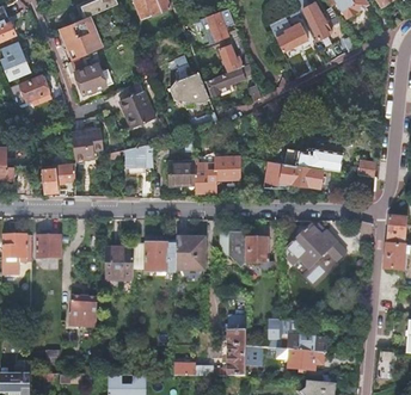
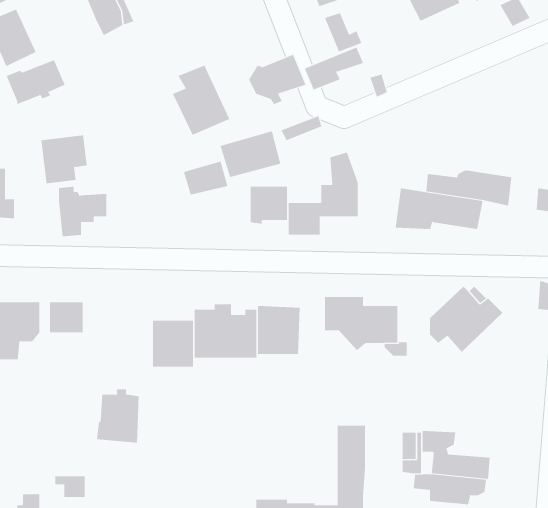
building: [74,58,115,93] -> none
building: none -> [220,130,281,178]
building: [72,126,103,159] -> [40,135,87,184]

